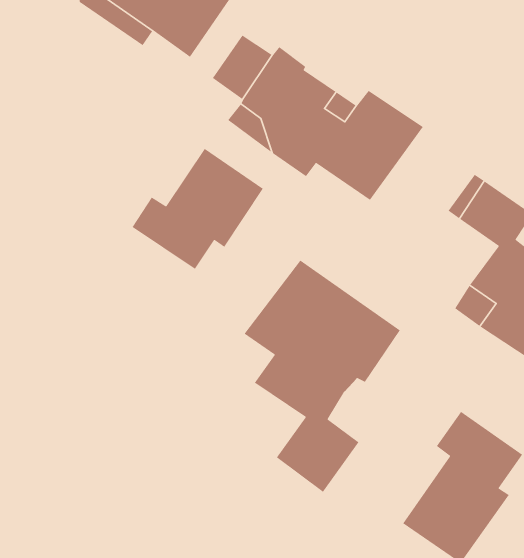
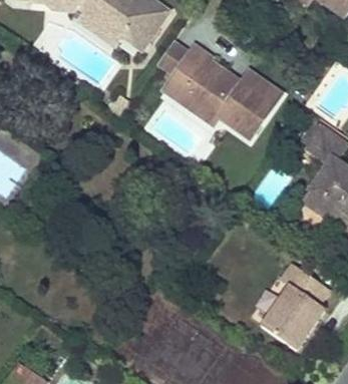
building: [131,148,264,270] -> none
building: [244,259,401,493] -> none

